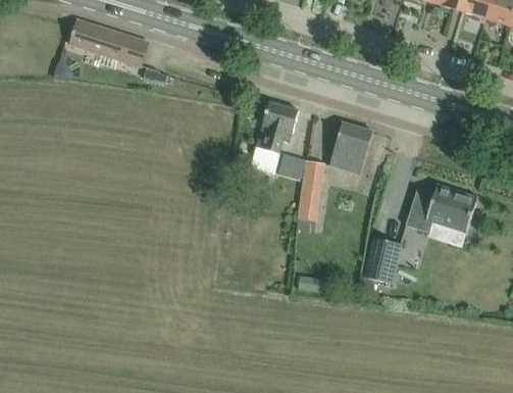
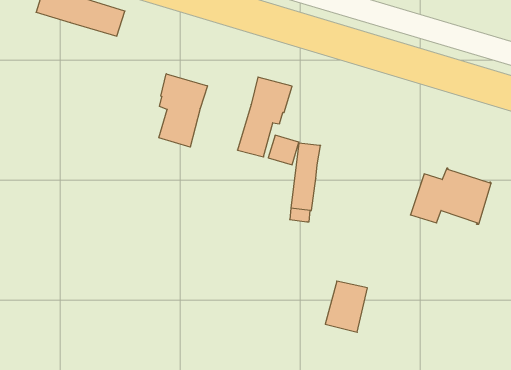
building: none -> [159,74,207,147]
building: [328,121,372,176] -> none
building: [363,237,401,283] -> [325,281,367,332]

